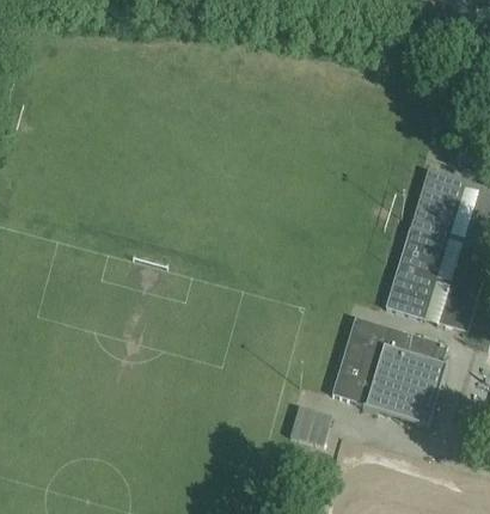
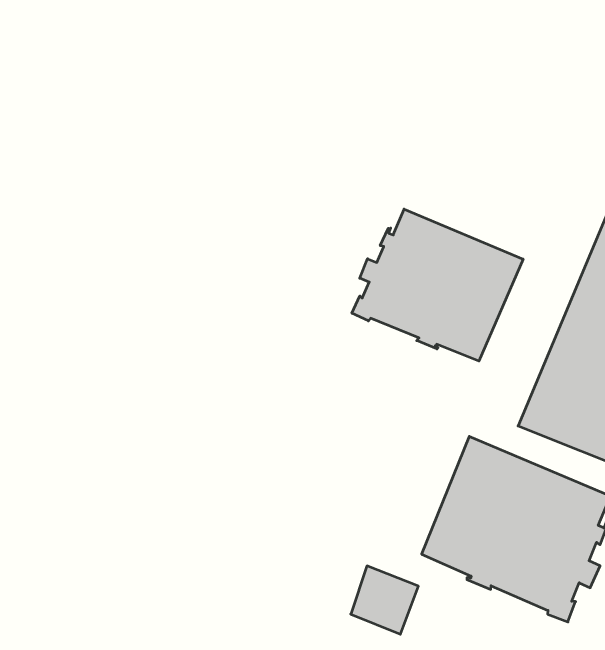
building: none -> [352,209,523,361]

